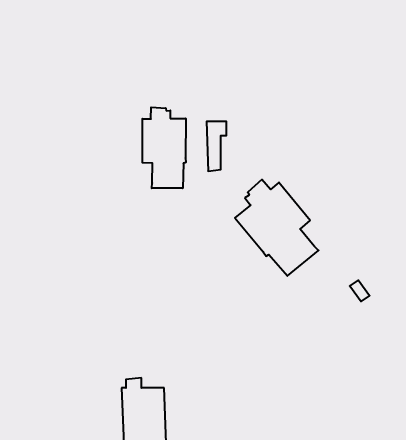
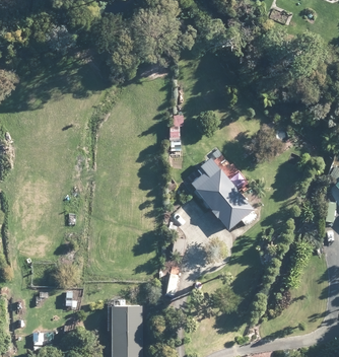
building: [142,107,186,188] -> none

